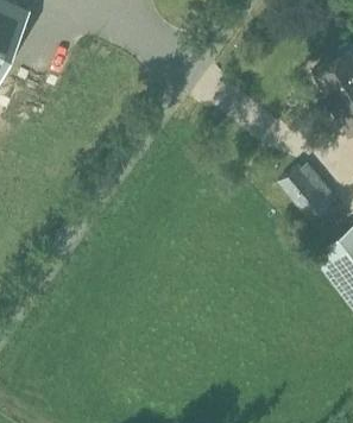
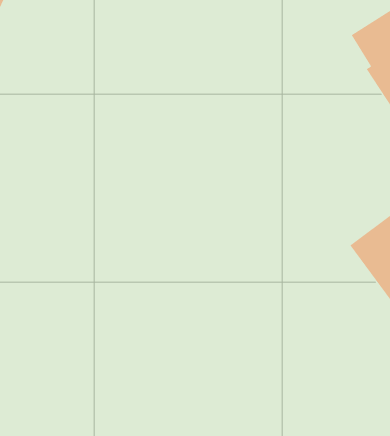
building: [278,162,332,219] -> none

